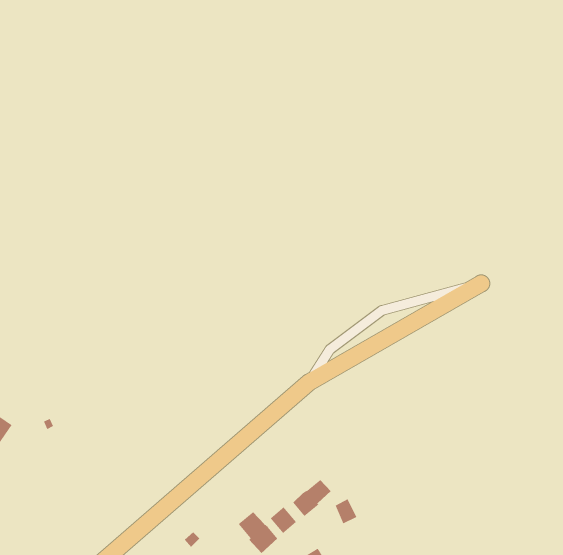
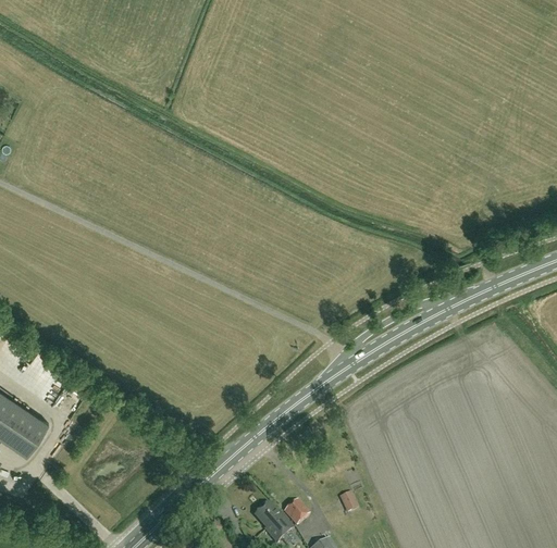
building: [293,479,332,517] -> none

